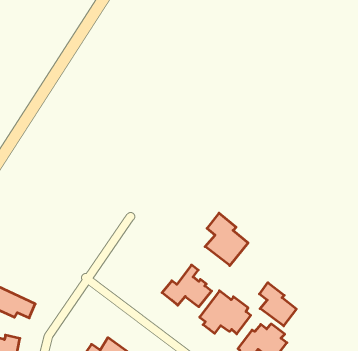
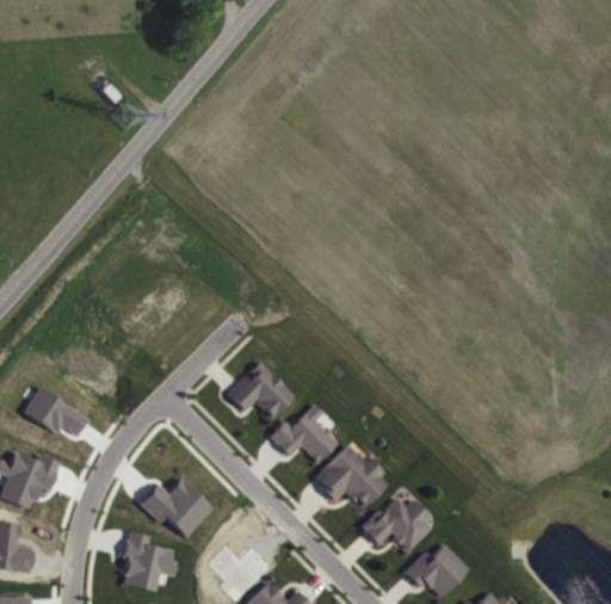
building: [205,213,248,266] -> none
building: none -> [227,360,294,415]
building: [259,283,296,326] -> none

